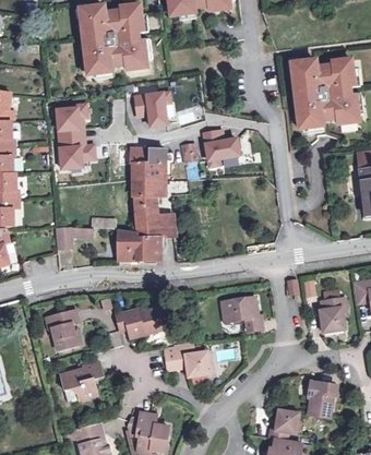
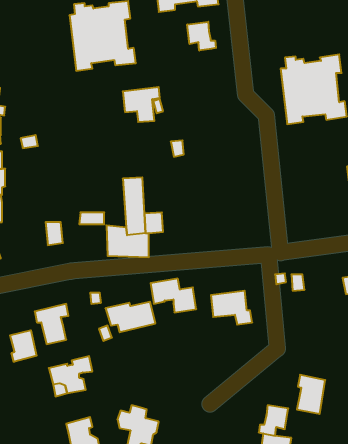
building: none -> [187,22,216,51]
building: [52,104,94,170] -> none
building: [202,131,238,167] -> none
building: [129,148,165,183] -> none
building: [319,297,344,332] -> none
building: none -> [10,330,37,362]
building: [165,342,211,375] -> [151,279,196,312]

